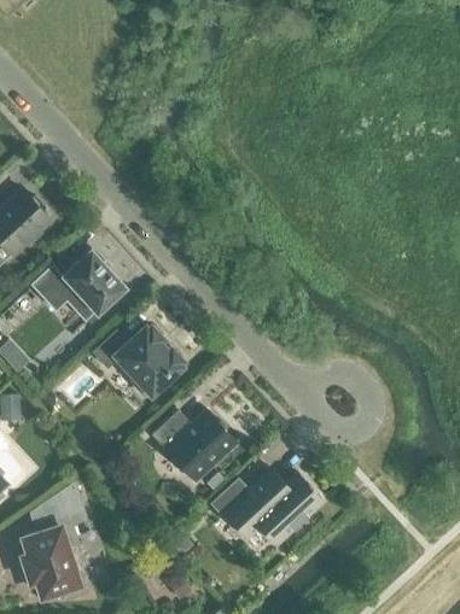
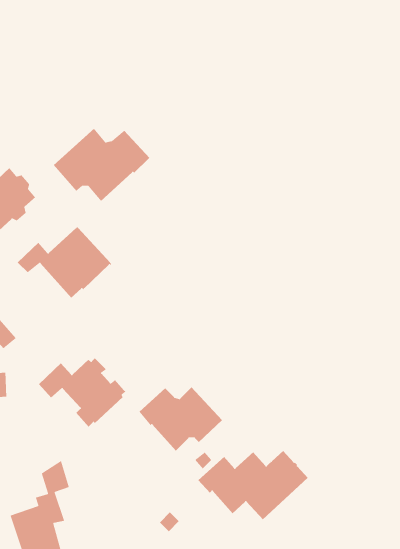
building: none -> [53,128,150,202]
building: [94,326,184,396] -> [38,358,127,427]

